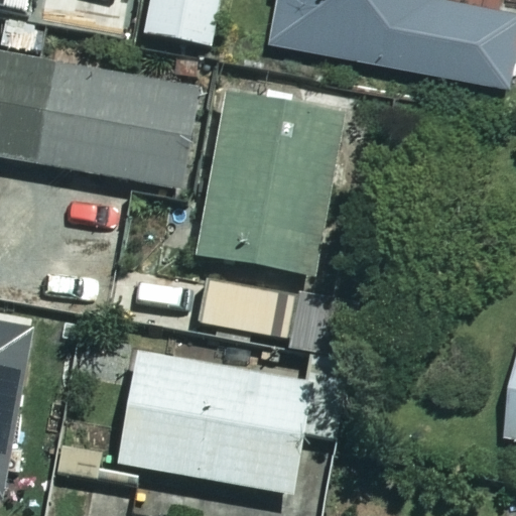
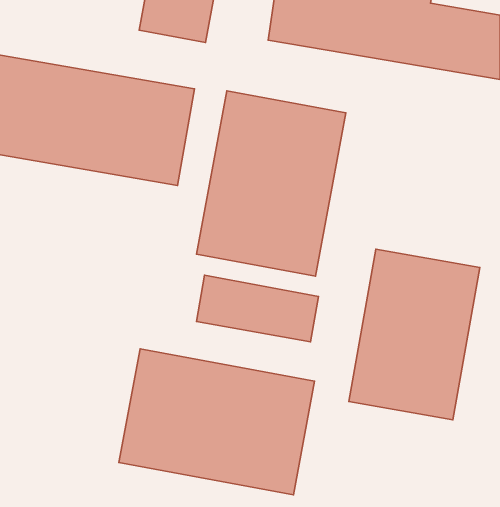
building: none -> [349,249,480,420]

